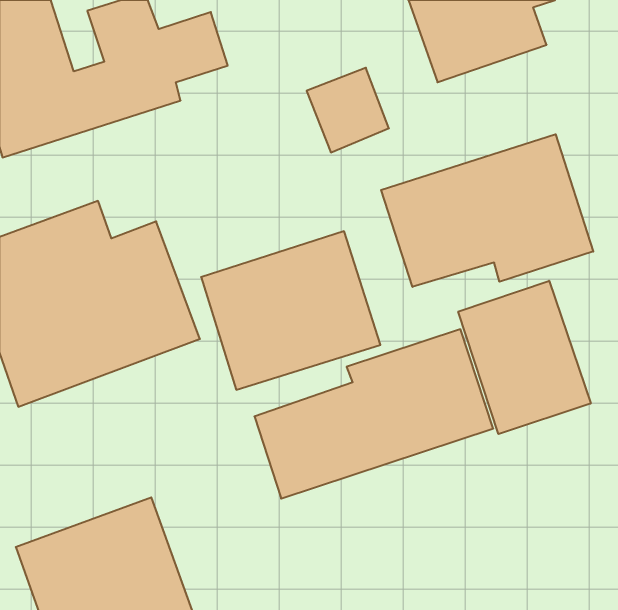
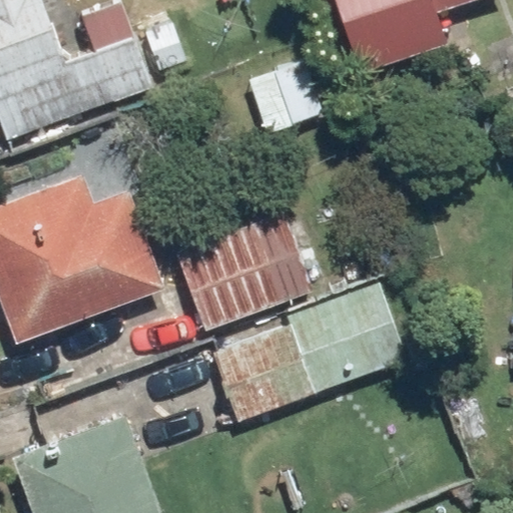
building: [381,134,593,287] -> none
building: [458,281,591,434] -> none

